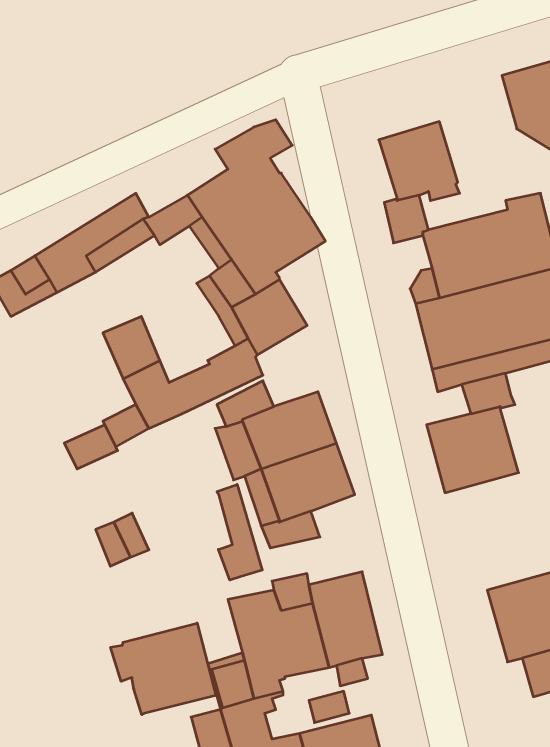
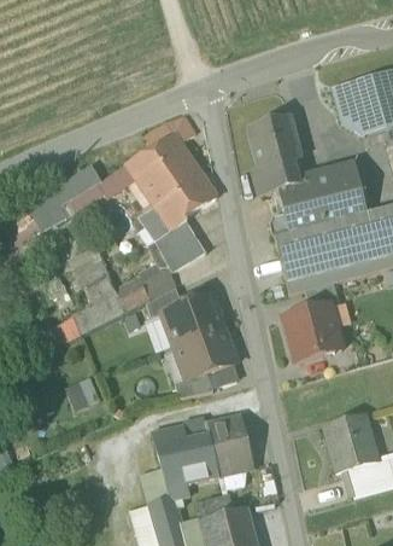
building: [217,484,262,580] -> none
building: [111,623,216,715] -> none

